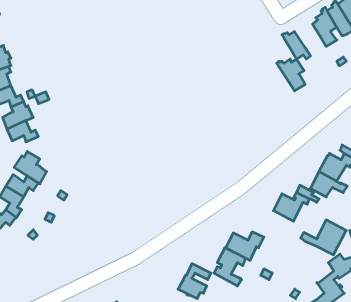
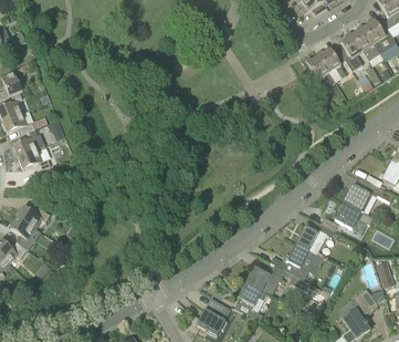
building: [277,59,305,91] -> [316,48,346,81]
building: [14,151,47,184] -> none
building: [301,220,346,255] -> [270,242,317,279]

